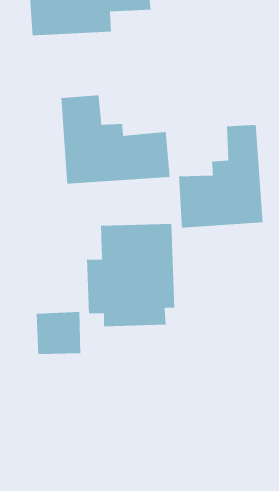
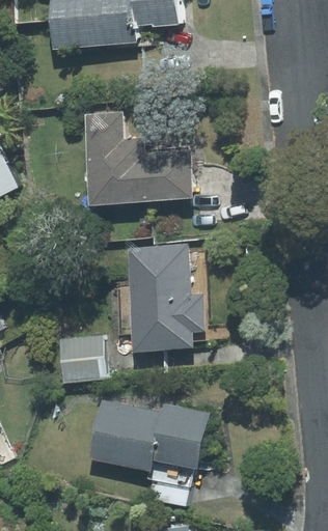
building: [178,124,263,229] -> none
building: none -> [94,398,208,505]

